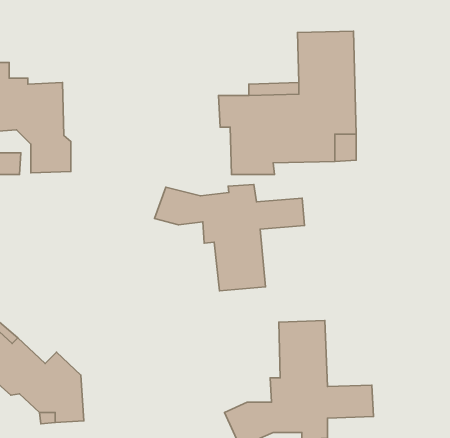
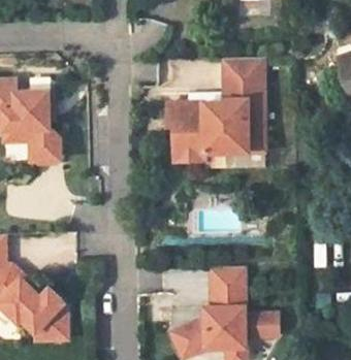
building: [154,185,305,291] -> none

